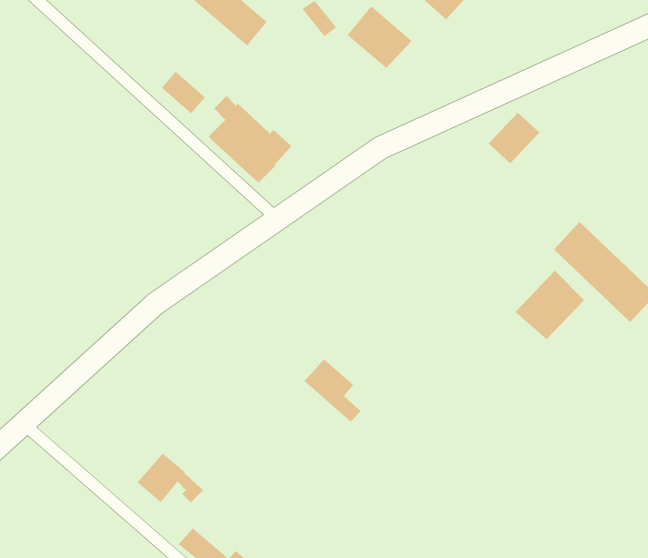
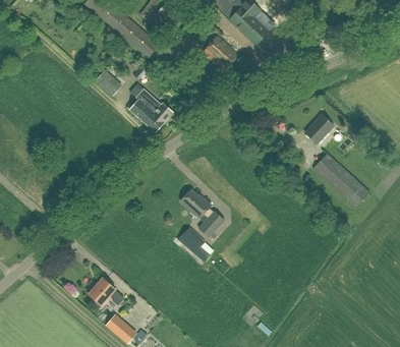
building: [488,112,540,164] -> [304,114,333,142]
building: [515,270,585,340] -> none
building: none -> [178,188,223,236]

